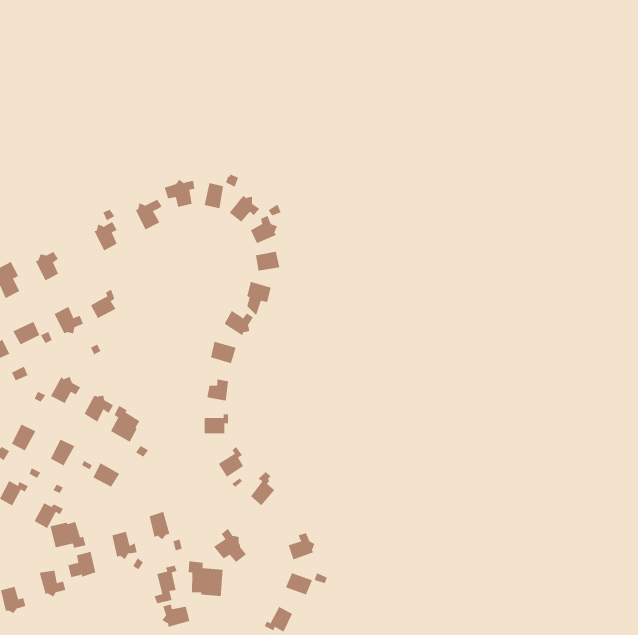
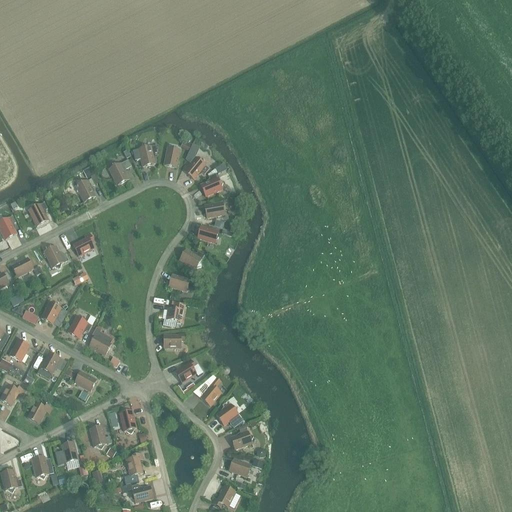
building: [50,521,86,548] -> none
building: [213,528,247,563] -> [215,399,242,427]
building: [188,561,223,597] -> none

